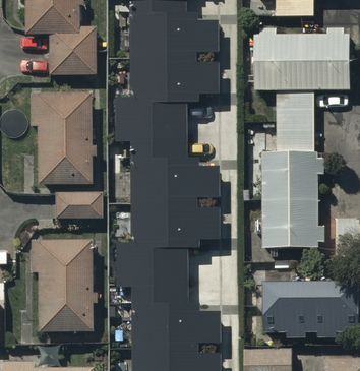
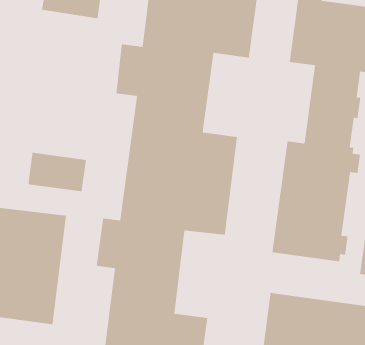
building: [28,91,91,186] -> none

